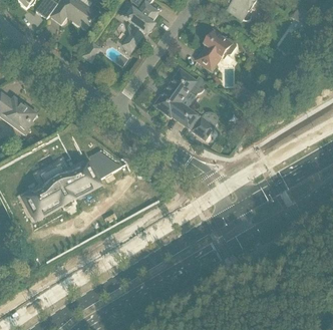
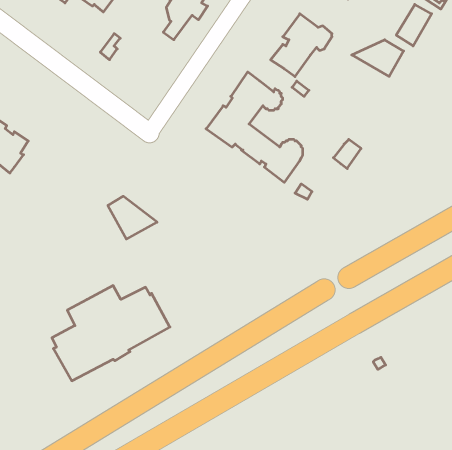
building: none -> [352,40,404,76]
building: [23,156,100,219] -> [52,286,170,381]

